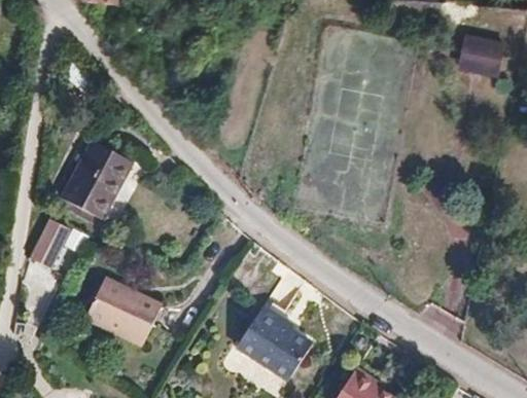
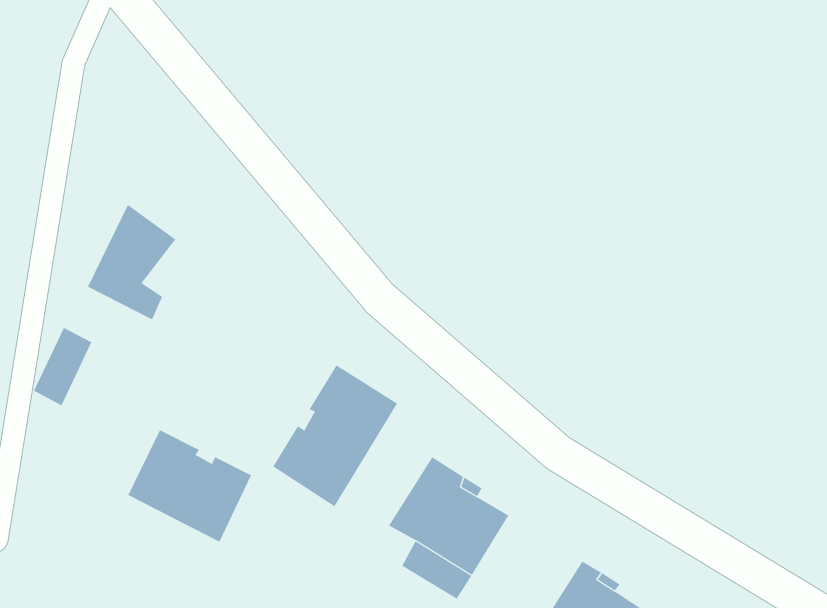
building: [457,30,507,74] -> none
building: [84,141,128,206] -> none
building: none -> [272,365,398,507]

